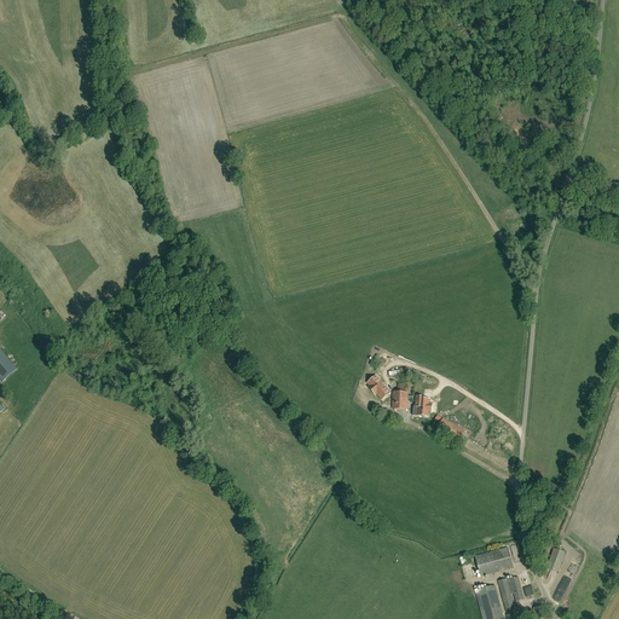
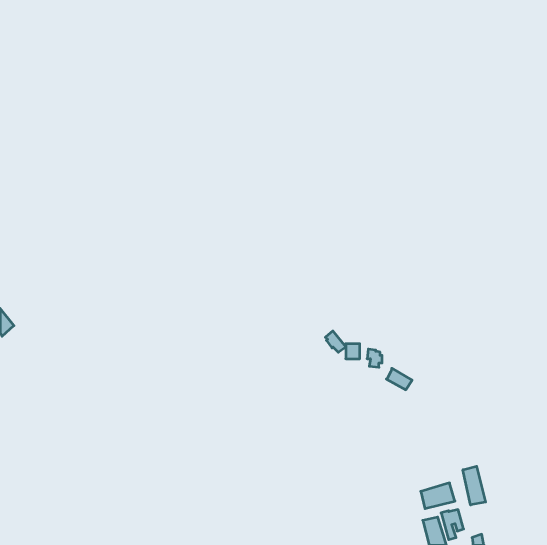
building: none -> [463,466,486,505]

